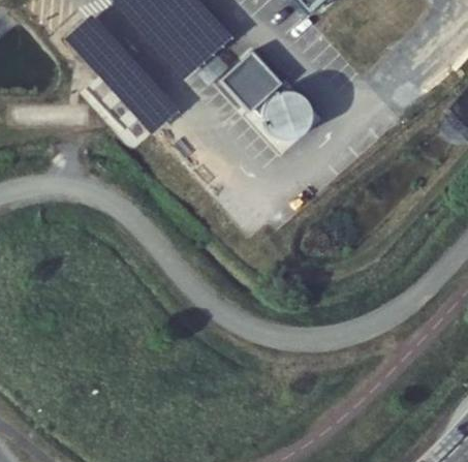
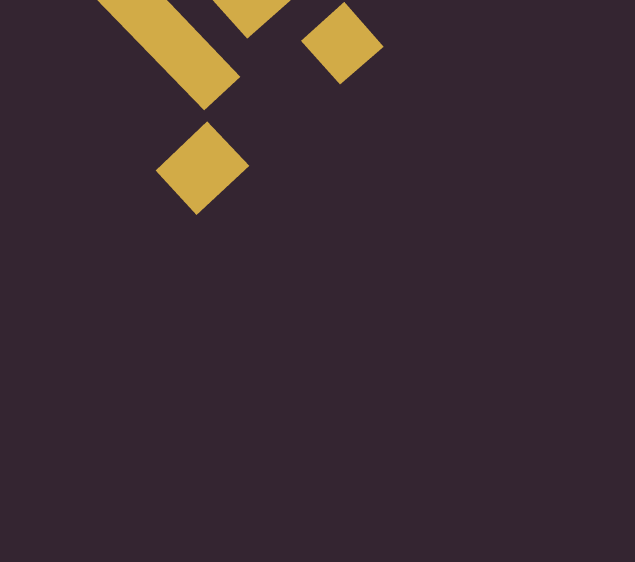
building: [268,93,309,134] -> none
building: none -> [155,121,250,216]

